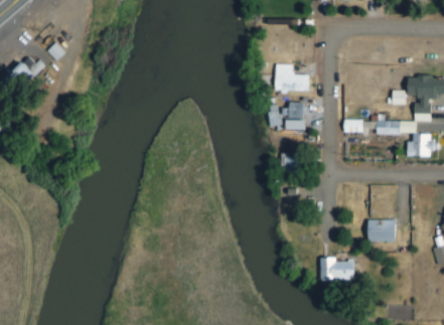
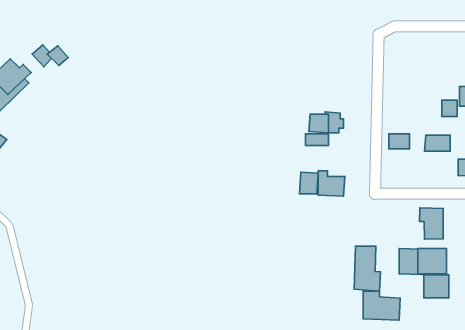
building: [279,63,311,91] -> none
building: none -> [419,208,443,239]
building: none -> [354,246,381,291]
building: none -> [424,275,449,298]

